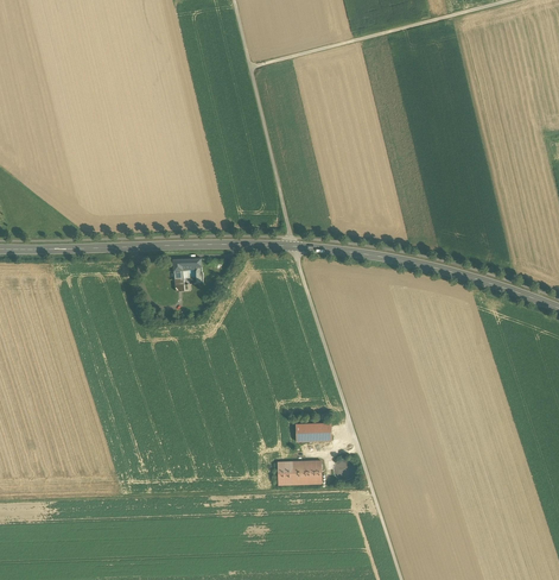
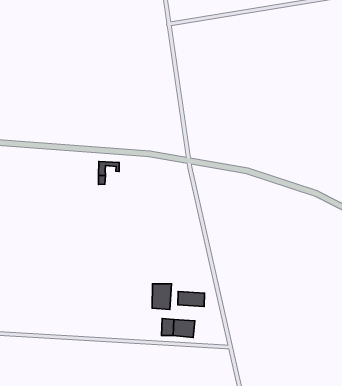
building: none -> [152,284,171,309]

